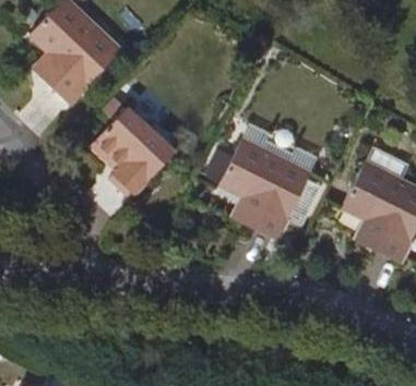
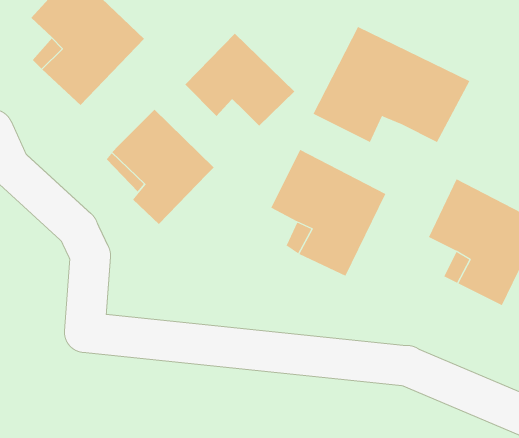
building: none -> [313,26,470,143]
building: none -> [184,33,295,126]

